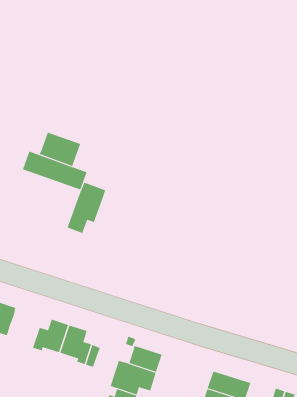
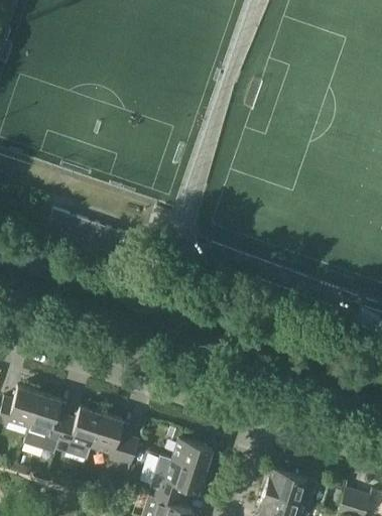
building: [38,132,81,167] -> none
building: [67,182,106,234] -> none
building: none -> [25,394,67,453]

